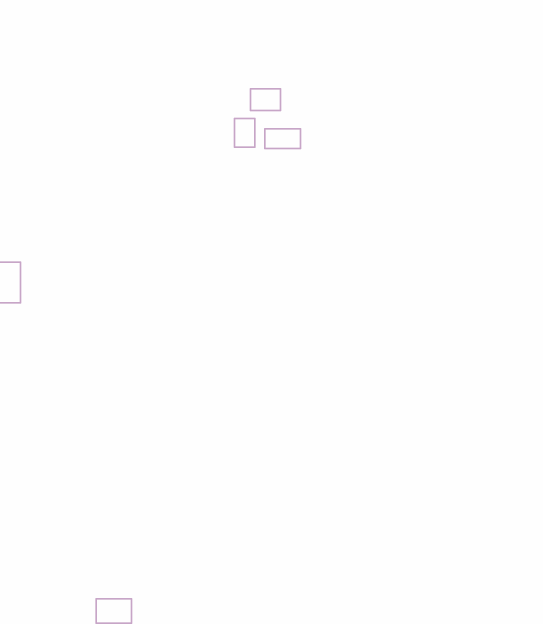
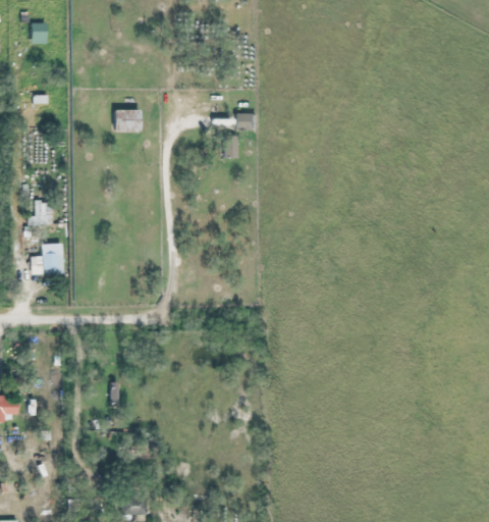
building: none -> [113,109,141,132]
building: [265,129,301,148] -> none

